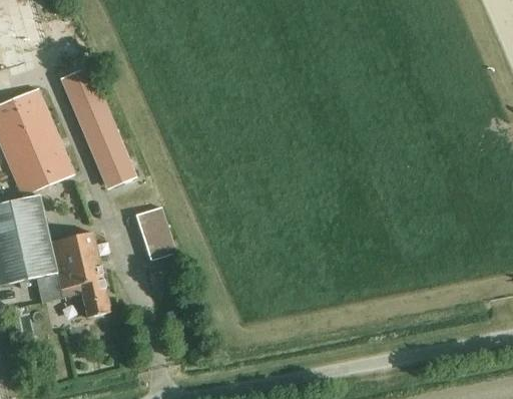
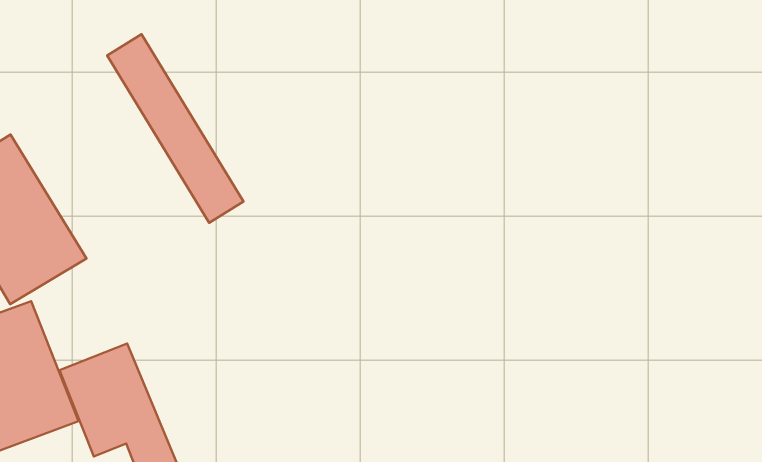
building: [64,64,134,186] -> [107,34,243,223]
building: [136,209,175,263] -> none

